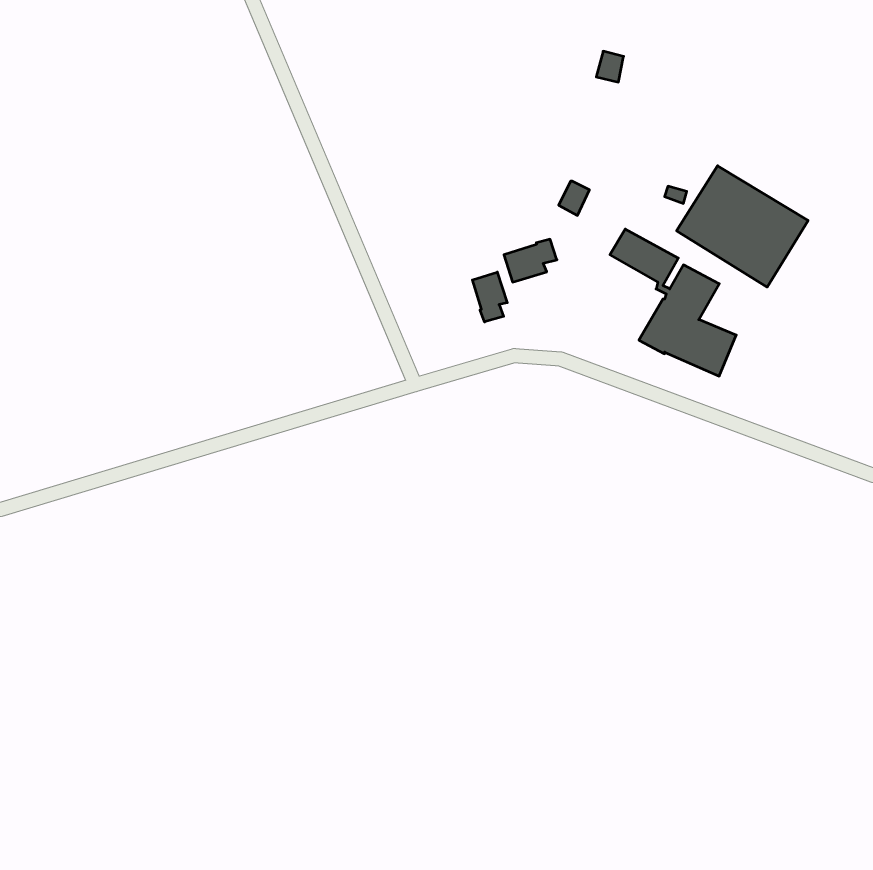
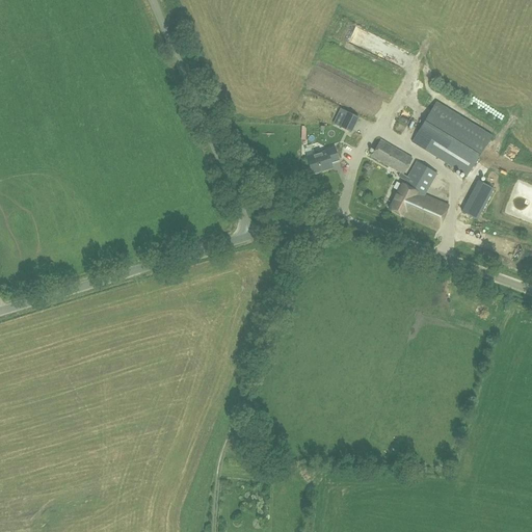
building: [472,272,507,322] -> none
building: none -> [461,179,494,217]

